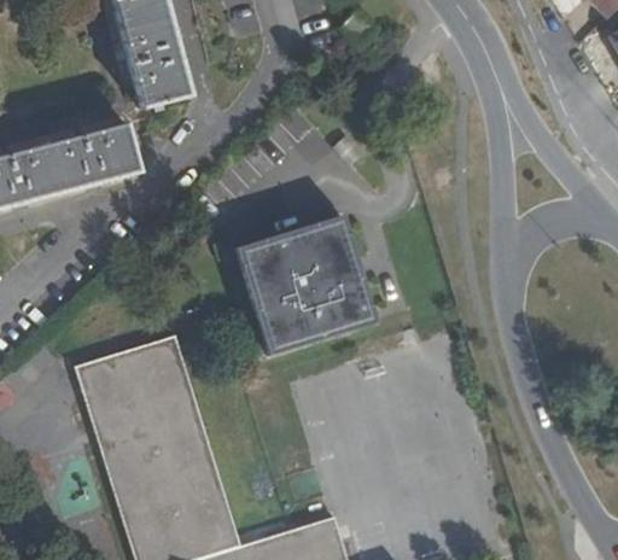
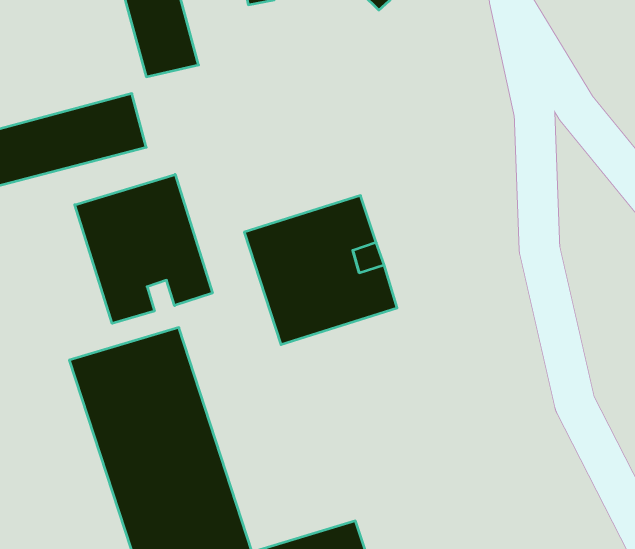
building: none -> [75,174,212,323]

